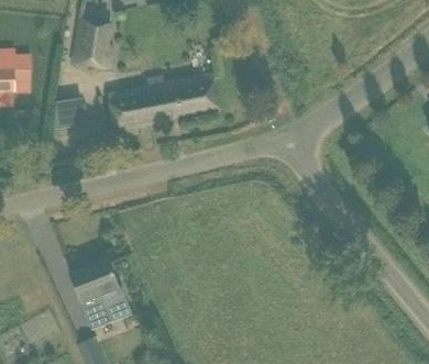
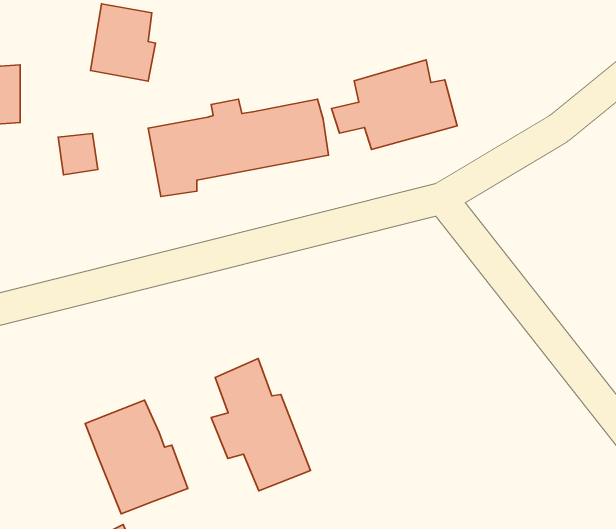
building: none -> [331,60,457,149]
building: none -> [211,359,311,491]

